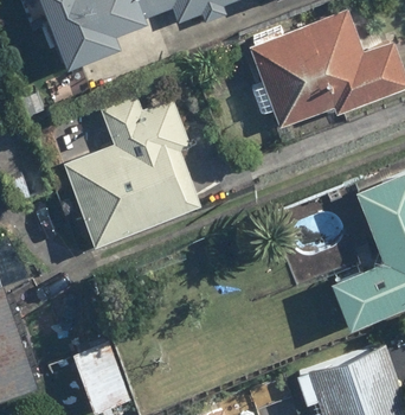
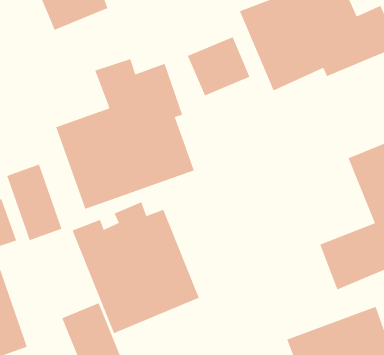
building: none -> [187,36,251,97]
building: none -> [6,163,63,241]
building: none -> [72,201,200,334]

